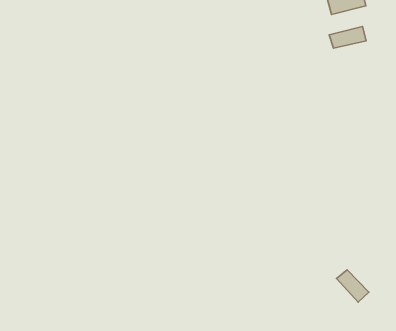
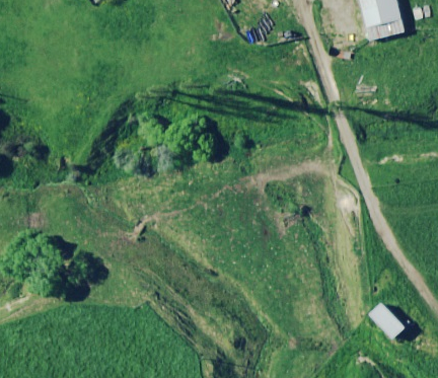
building: [329,27,366,48] -> none

